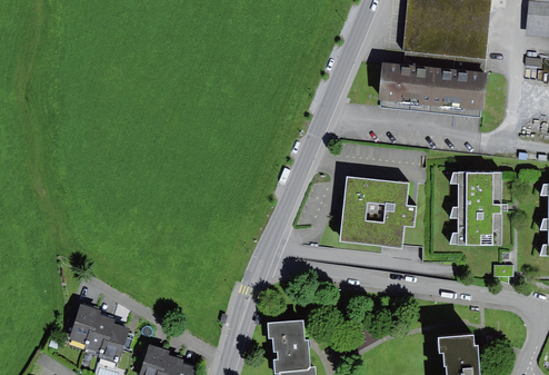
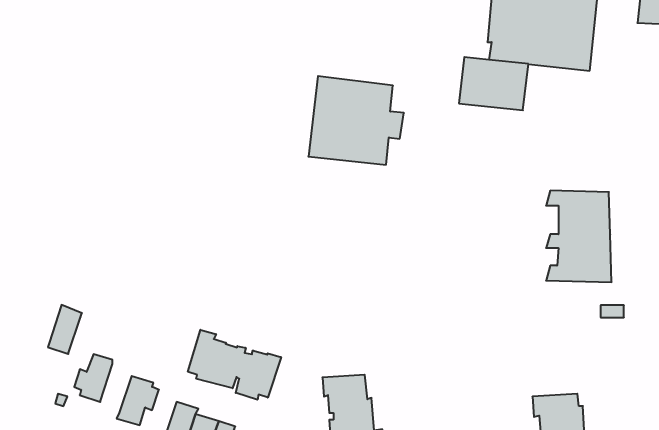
building: [430,68,488,112] -> none
building: [339,177,417,249] -> [308,76,404,165]
building: none -> [188,330,281,400]
building: [84,313,112,353] -> [48,305,82,354]

